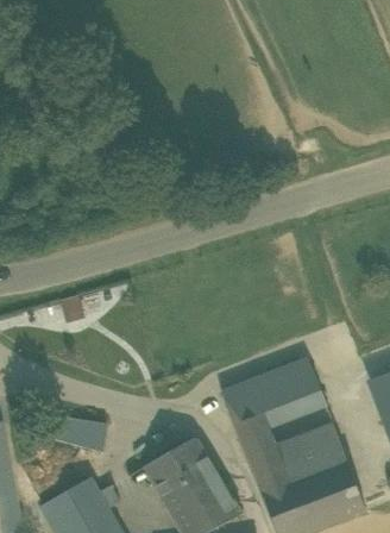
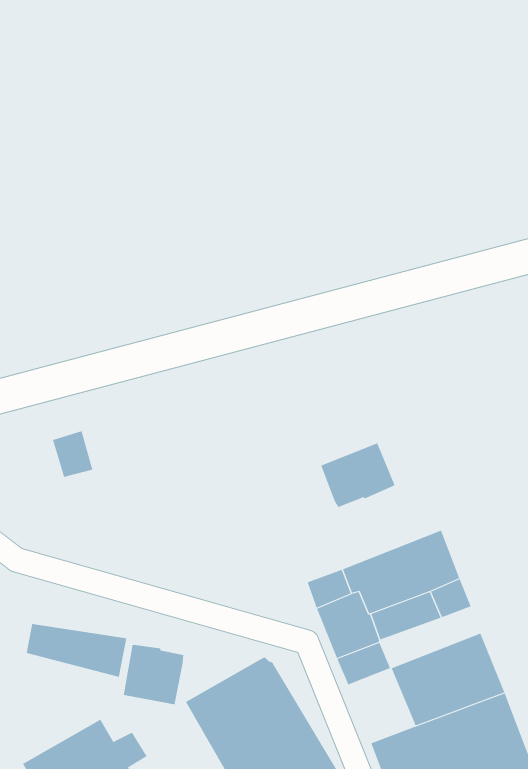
building: none -> [320,443,395,508]
building: none -> [123,644,184,705]
building: [247,445,290,493] -> none

